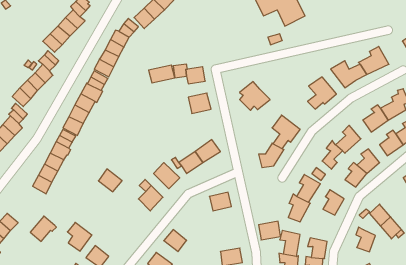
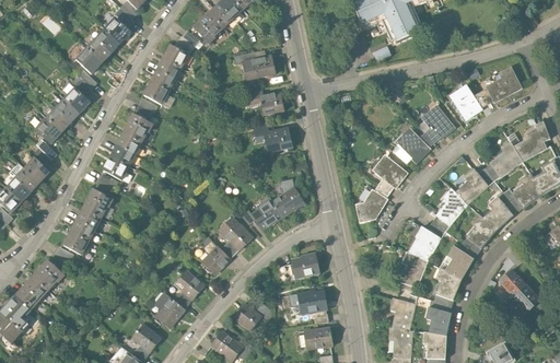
building: [149,65,175,83] -> [244,55,278,78]
building: [240,82,270,110] -> [393,126,432,163]
building: [98,169,122,192] -> [174,268,205,297]
building: [30,216,56,241] -> [31,259,65,292]
building: [259,221,281,240] -> [300,289,328,313]
building: [67,222,92,251] -> [154,291,186,328]
building: [356,227,375,252] -> [429,271,454,303]

